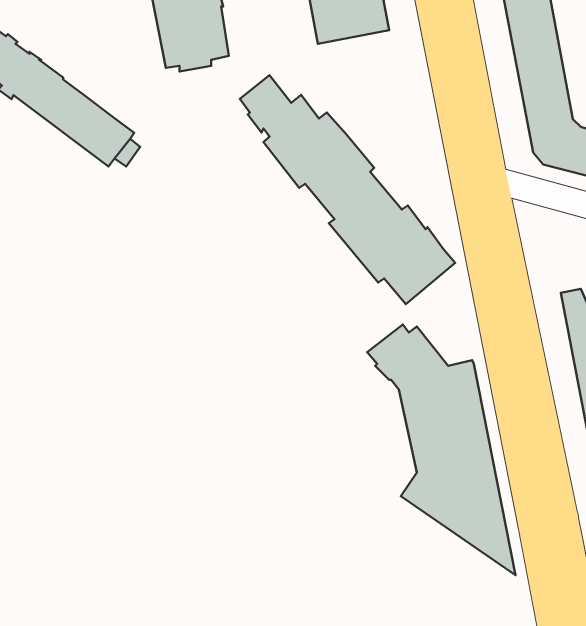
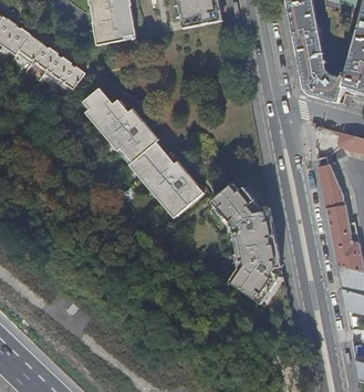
building: [240,75,455,304] -> [82,85,202,214]

